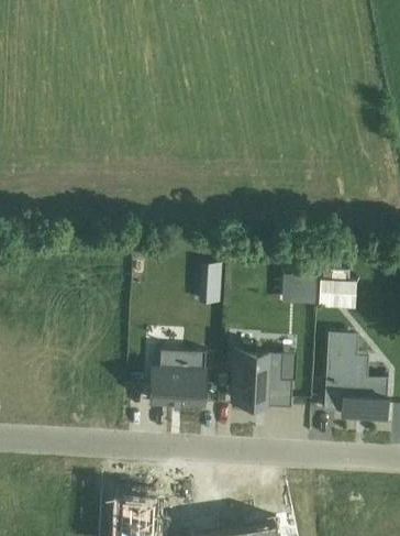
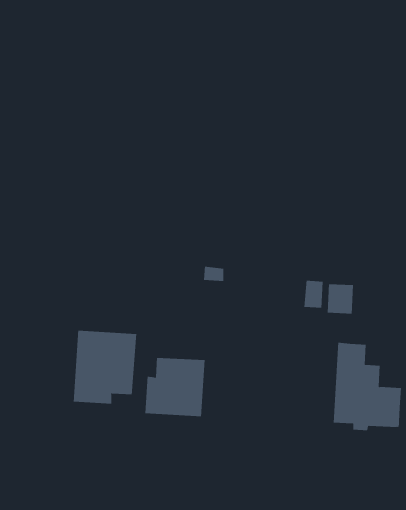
building: none -> [73,330,137,404]
building: [233,351,293,408] -> none

